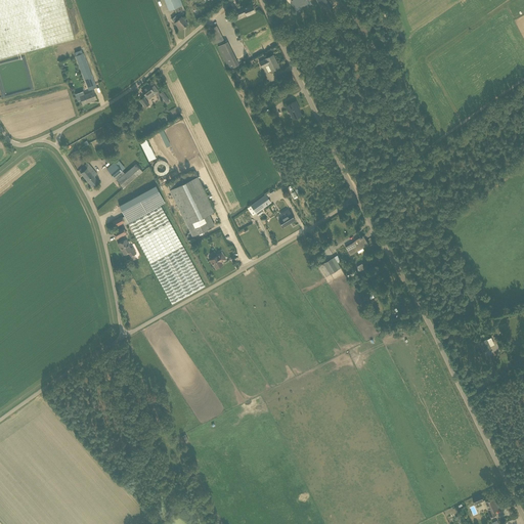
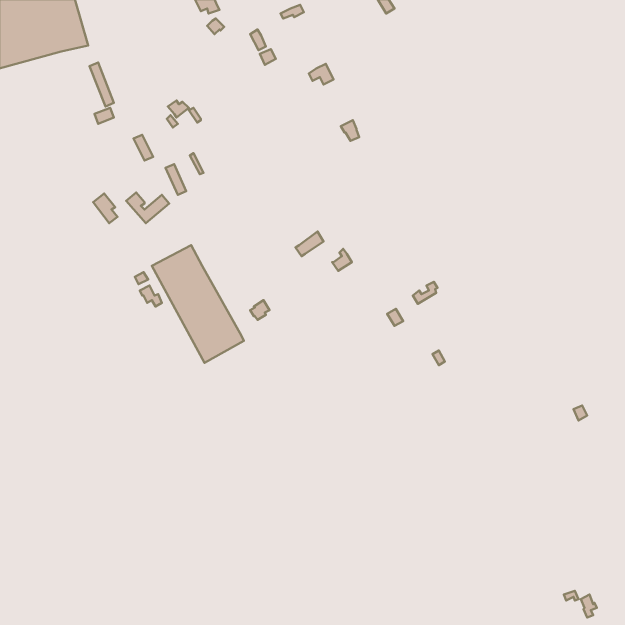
building: [166,169,214,235] -> none
building: [112,184,164,225] -> none

